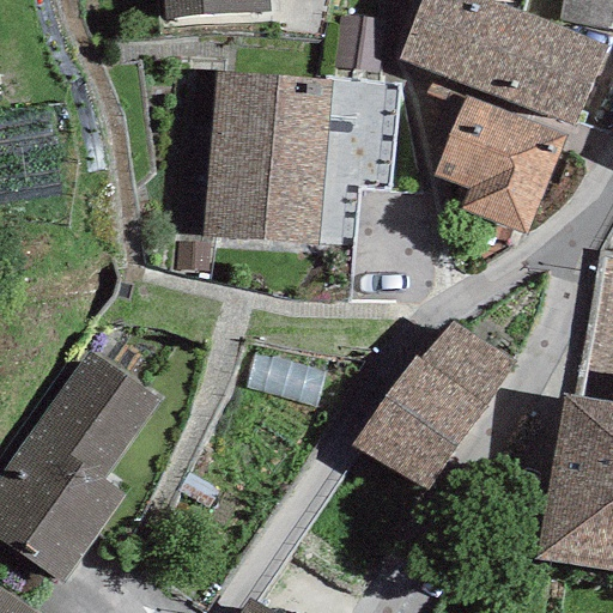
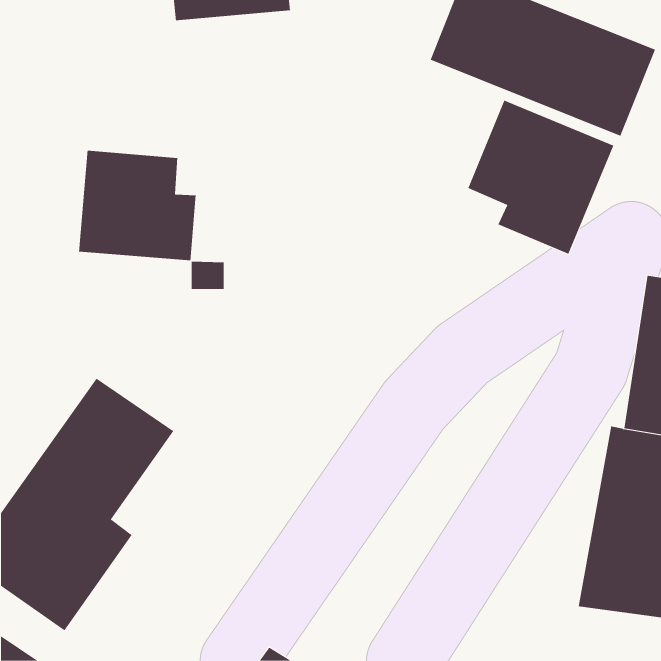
building: [202,69,332,243] -> none
building: none -> [79,150,196,261]
building: [352,322,516,487] -> none

